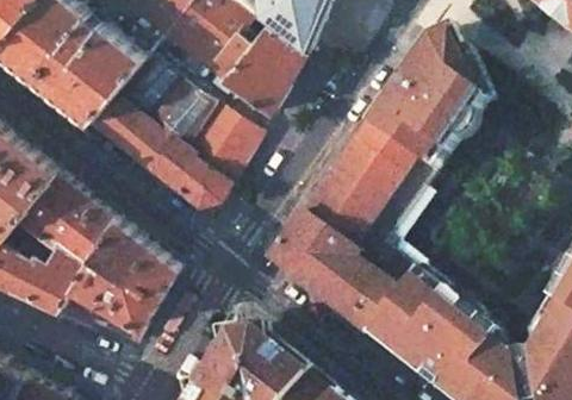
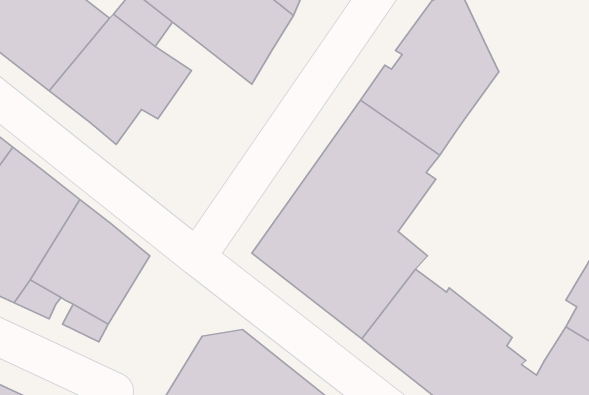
building: [148,100,259,204] -> none

